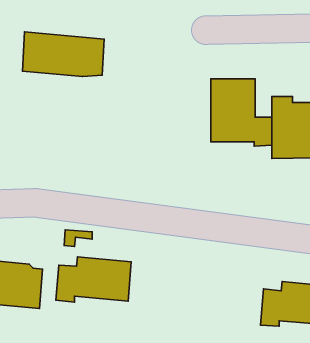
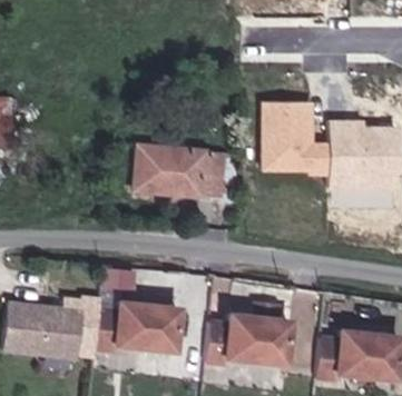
building: [23,32,104,76] -> [135,149,223,197]
building: none -> [206,301,288,359]

